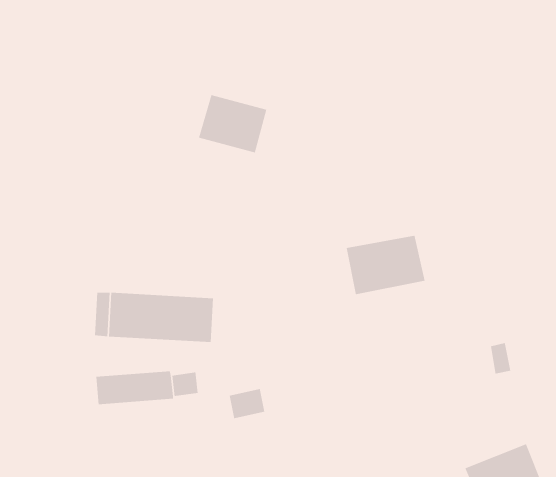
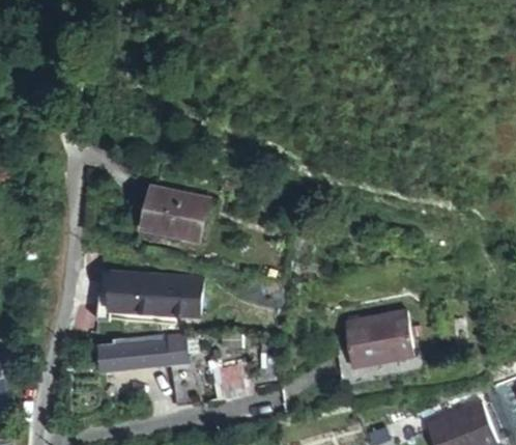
building: [198,94,267,153] -> [136,184,197,235]
building: [346,235,426,295] -> [343,311,413,364]

